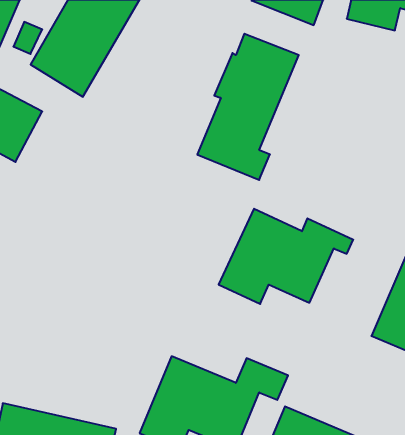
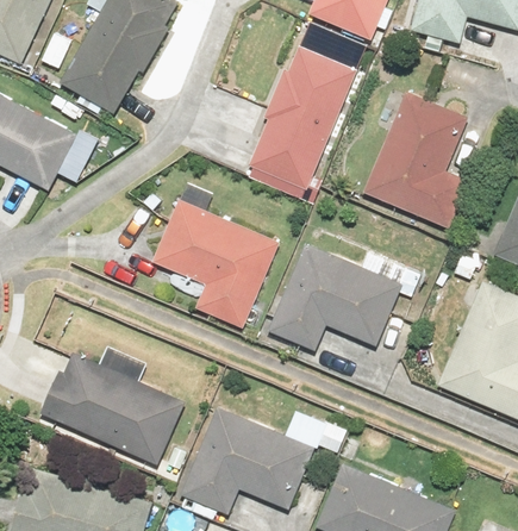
building: none -> [363,88,469,226]
building: none -> [152,199,279,324]
building: none -> [35,351,181,464]

